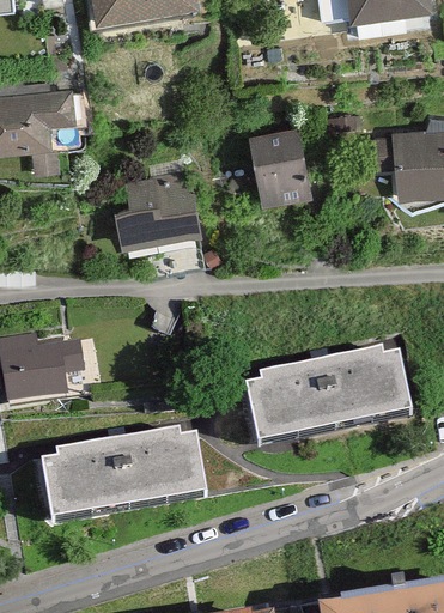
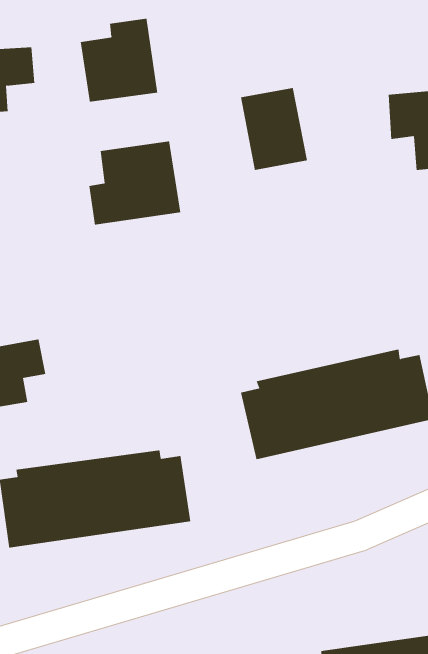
building: none -> [80,18,158,103]

